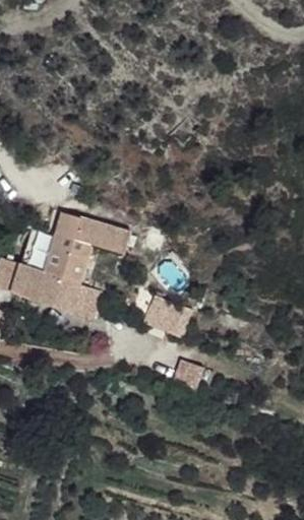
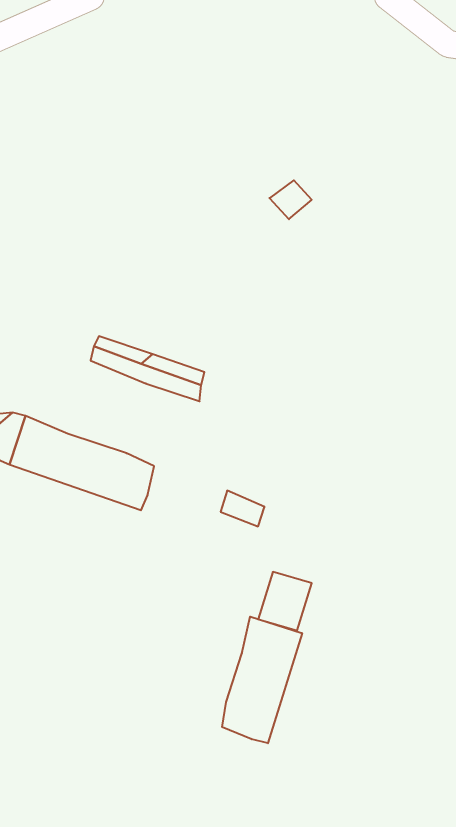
building: [45,225,94,283] -> none
building: none -> [222,617,302,743]

